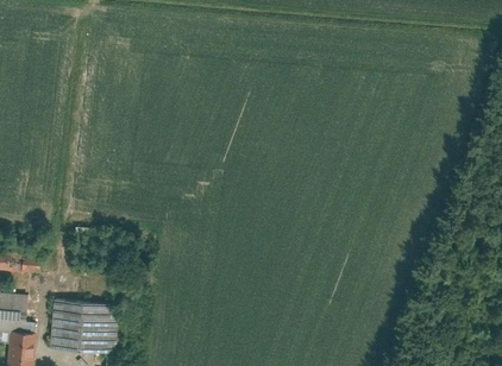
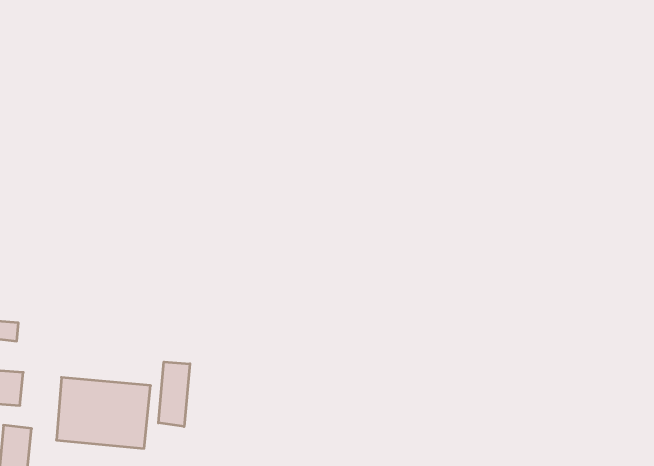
building: none -> [158,362,190,427]

